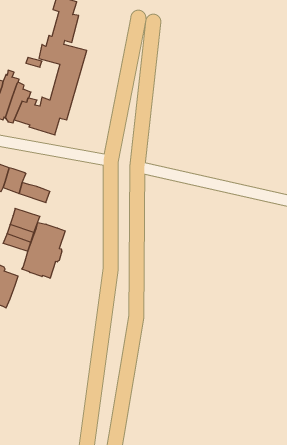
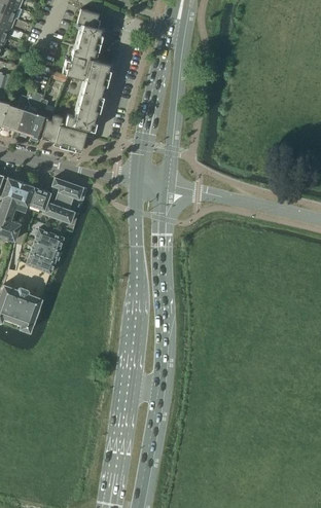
building: none -> [51,177,87,209]
building: [22,222,65,278] -> none

